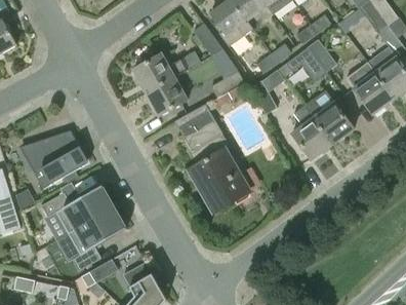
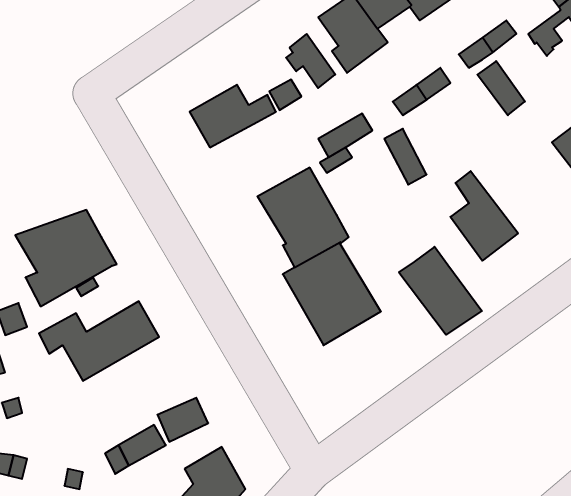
building: [278,47,326,80] -> none
building: [146,76,188,115] -> none
building: [303,90,354,144] -> [399,247,482,335]
building: [69,206,127,270] -> none

